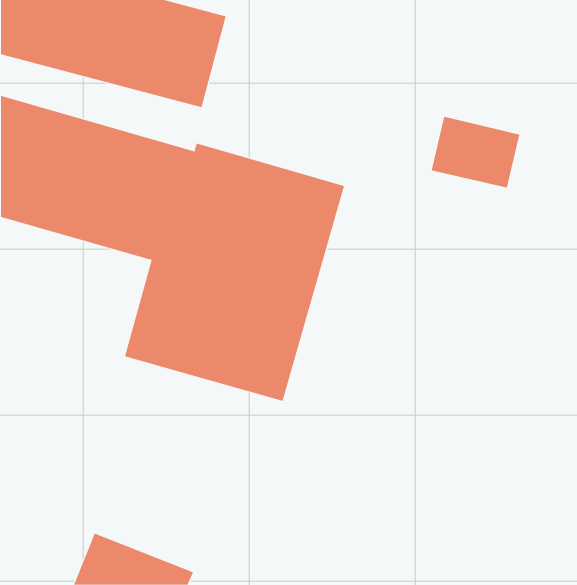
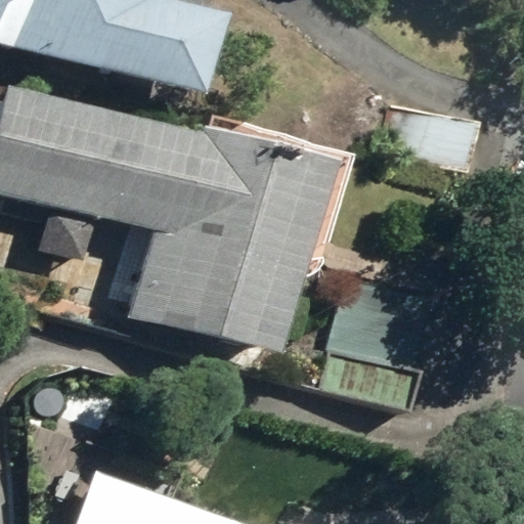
building: none -> [328,281,441,408]

